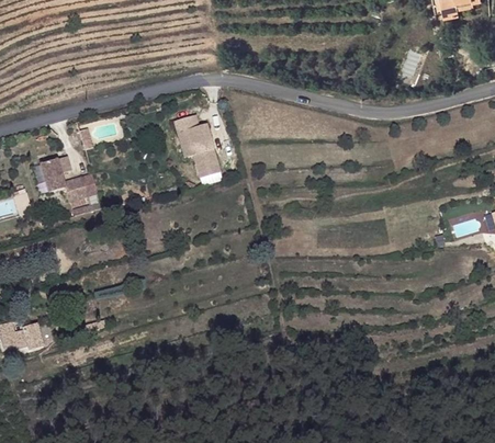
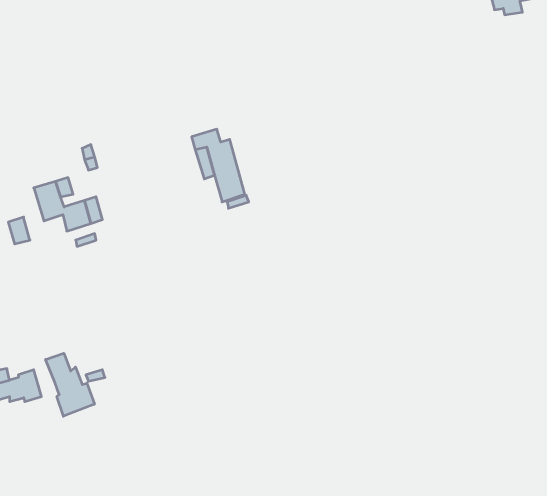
building: none -> [46,353,94,416]

